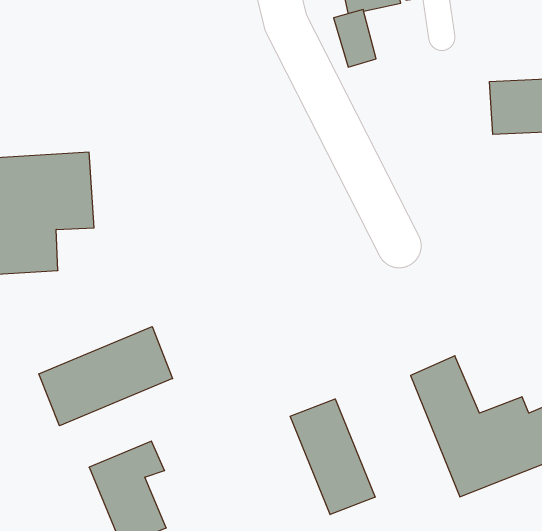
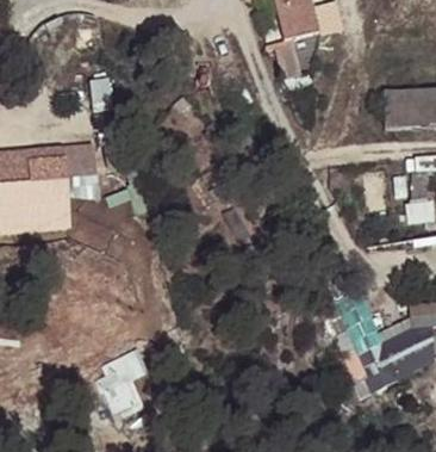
building: [39,327,173,426] -> none
building: [290,399,375,515] -> none

